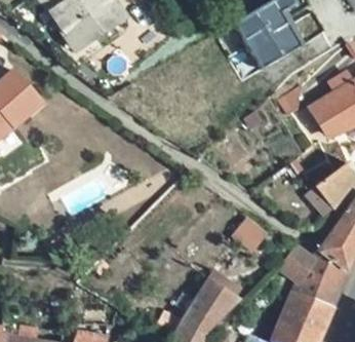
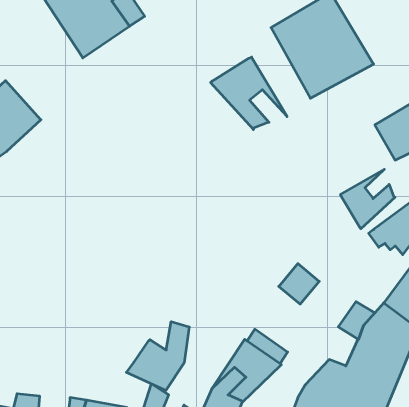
building: none -> [211,57,287,130]
building: none -> [341,169,395,229]
building: none -> [126,322,189,390]

